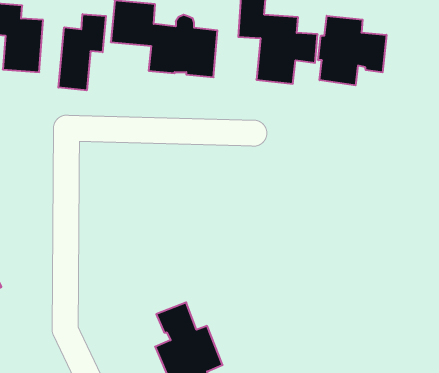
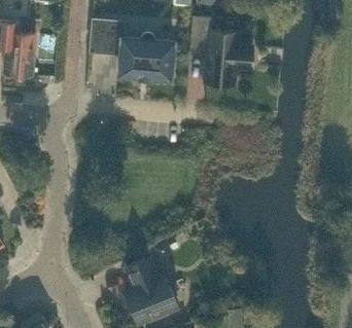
building: [58,14,106,90] -> none
building: [318,16,386,85] -> none

